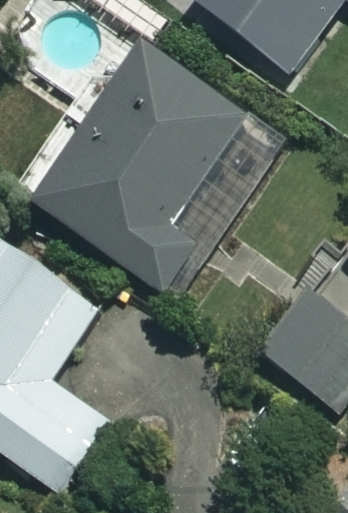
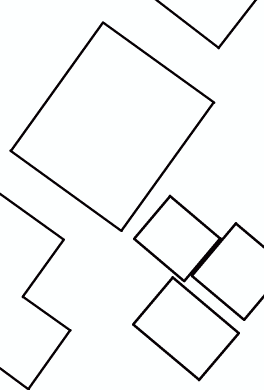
building: none -> [134,196,220,281]
building: none -> [133,277,239,380]

